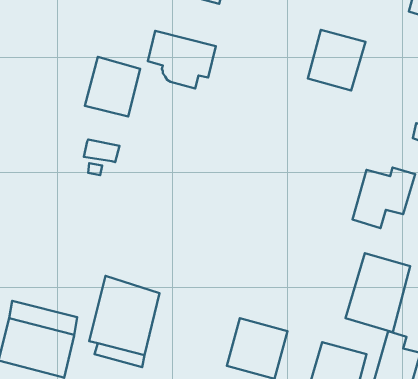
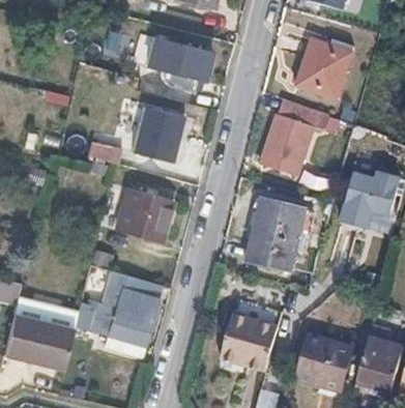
building: [85,57,140,117] -> [128,106,181,163]
building: none -> [267,97,330,176]
building: none -> [111,185,174,241]
building: [345,253,410,332] -> [242,193,305,268]

